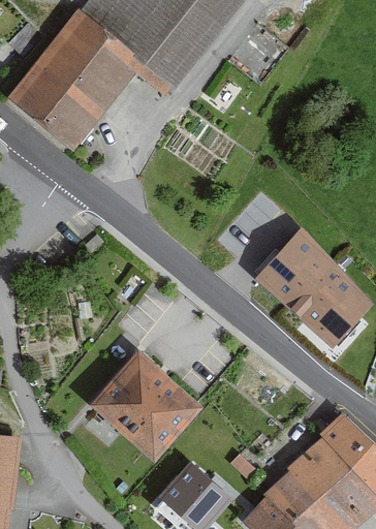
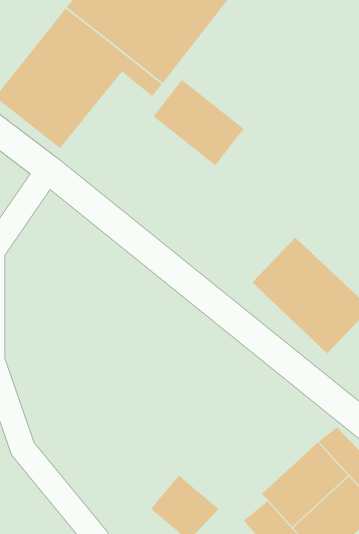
building: none -> [152,79,245,167]
building: [94,351,205,460] -> none

